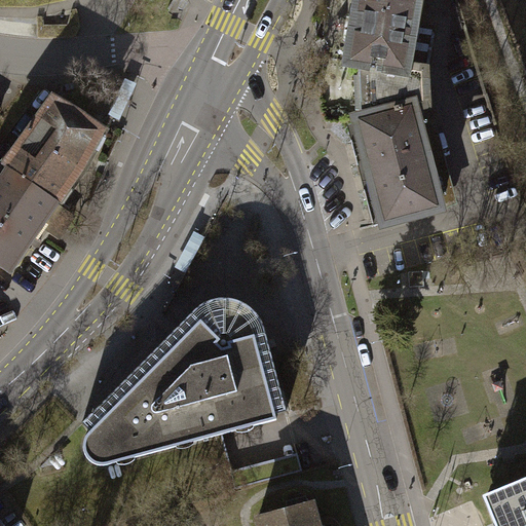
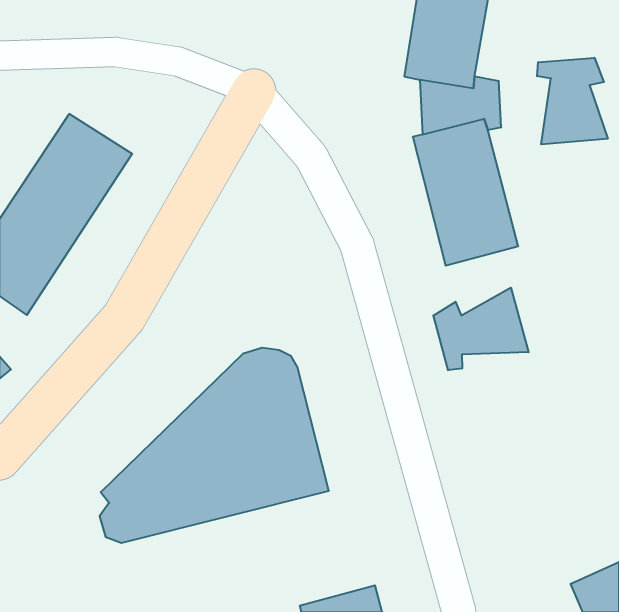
building: none -> [537,58,608,144]
building: none -> [433,288,529,370]

